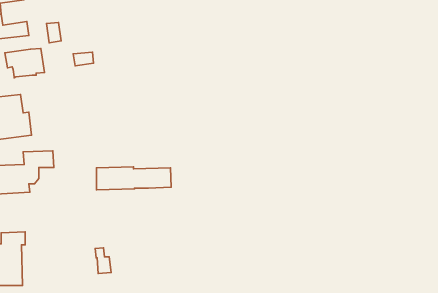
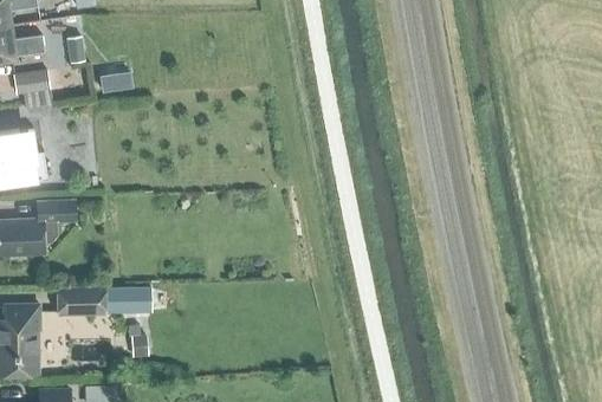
building: [96,167,171,190] -> [56,286,151,316]

